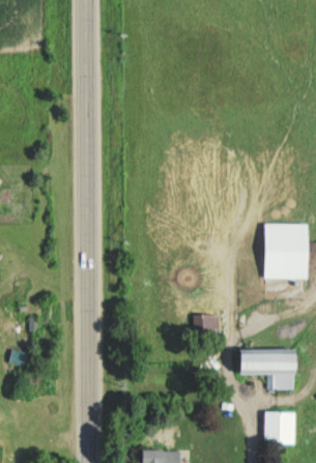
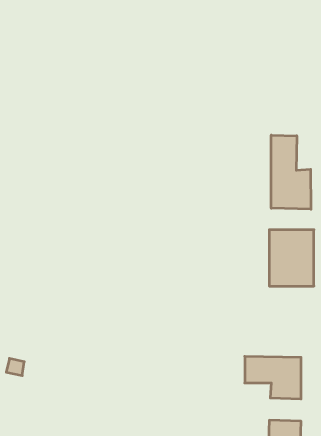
building: none -> [271,135,311,209]
building: [193,316,219,336] -> none

